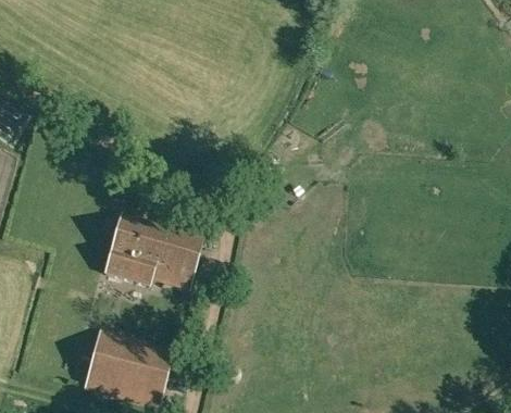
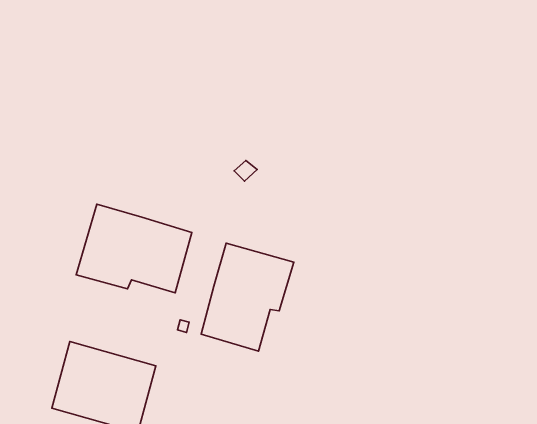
building: none -> [201,243,294,351]

